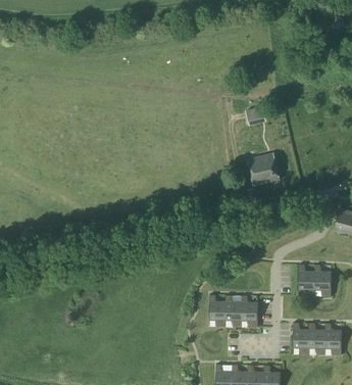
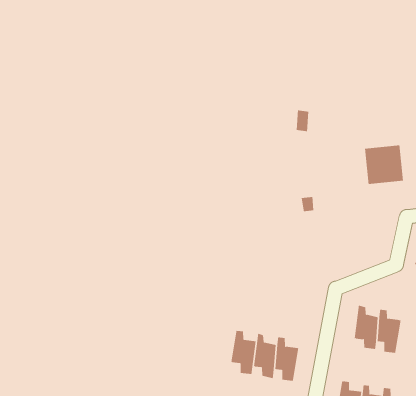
building: [247,154,280,187] -> [364,145,404,185]

